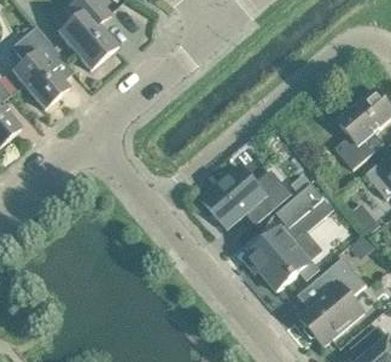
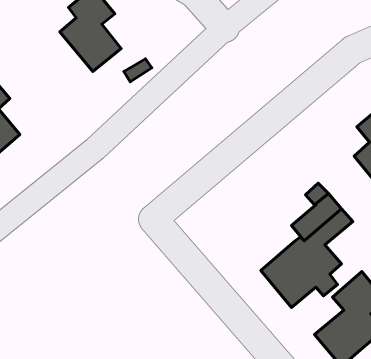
building: [11,27,69,109] -> none
building: [202,165,291,227] -> none

